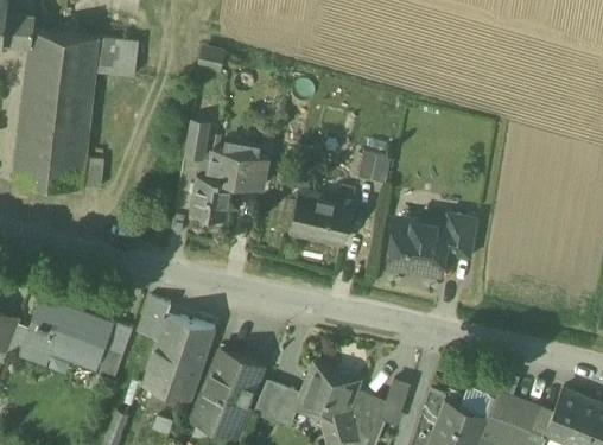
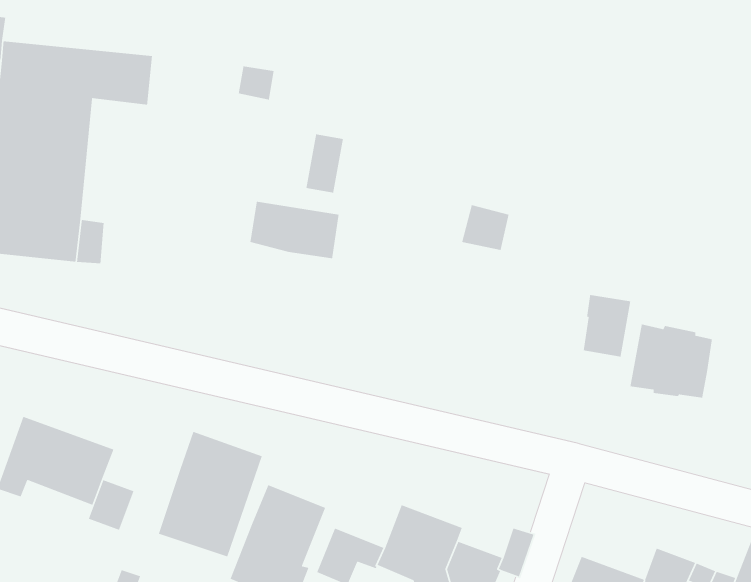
building: [184,119,211,161] -> [306,134,344,194]
building: [190,174,234,217] -> none
building: [290,187,354,246] -> none
building: [388,220,448,273] -> [629,324,713,399]
building: [138,298,169,338] -> none

